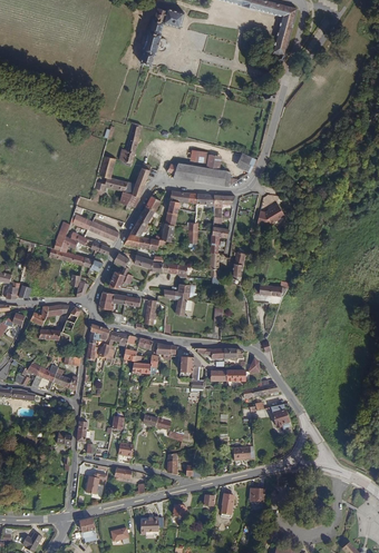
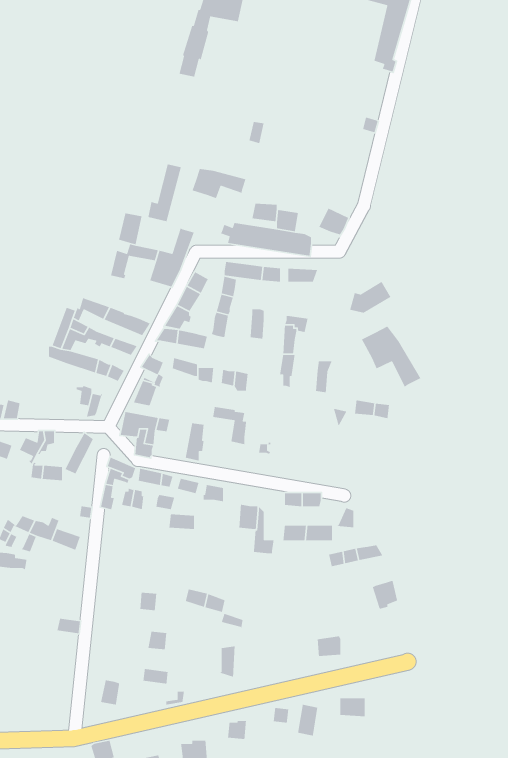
building: none -> [192,168,247,199]
building: none -> [361,326,421,388]

